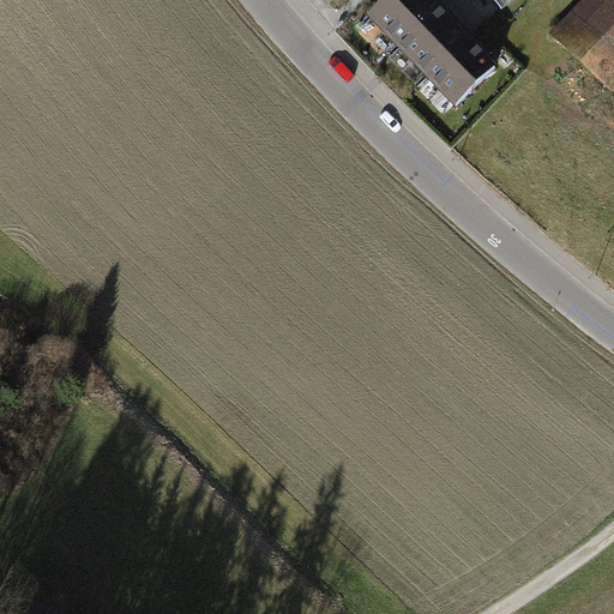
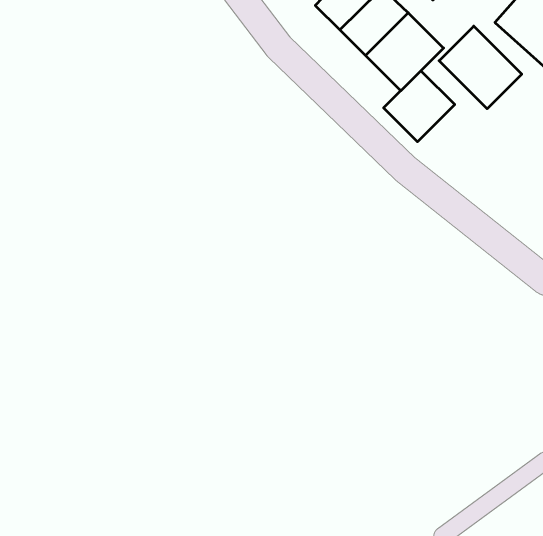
building: none -> [439,26,522,109]
building: none -> [384,71,455,142]

